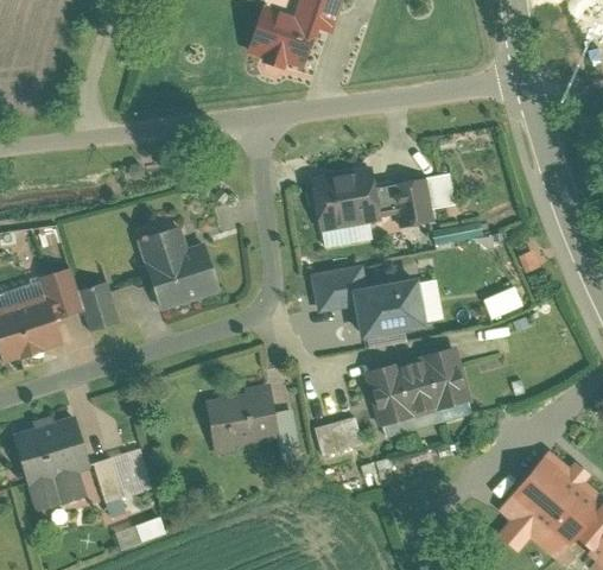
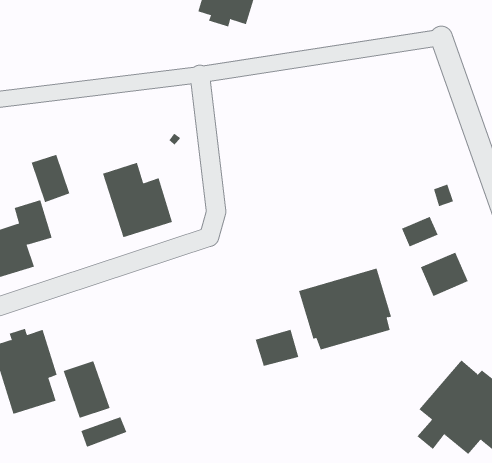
building: [307,166,456,233] -> none
building: [311,267,443,340] -> none
building: [78,280,123,336] -> [31,154,70,203]
building: none -> [420,252,469,297]
building: [207,381,299,457] -> none

